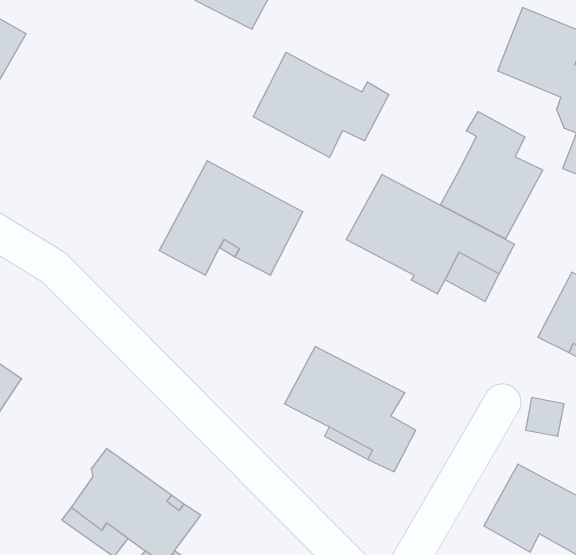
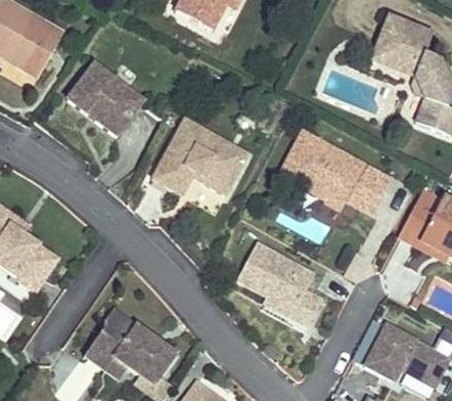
building: [253,52,389,158] -> none
building: none -> [69,63,145,137]
building: [441,112,543,239] -> none

